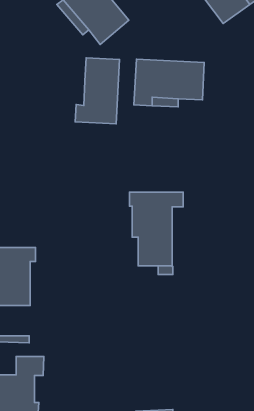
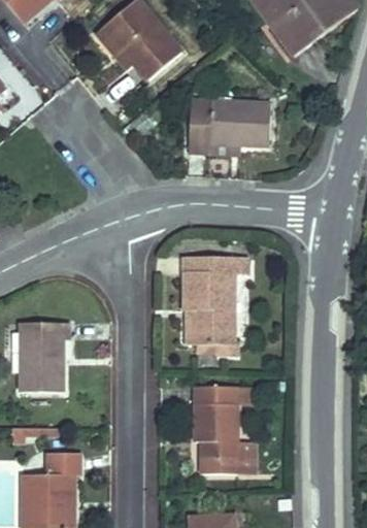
building: [75,58,119,124] -> none
building: none -> [195,387,254,473]

